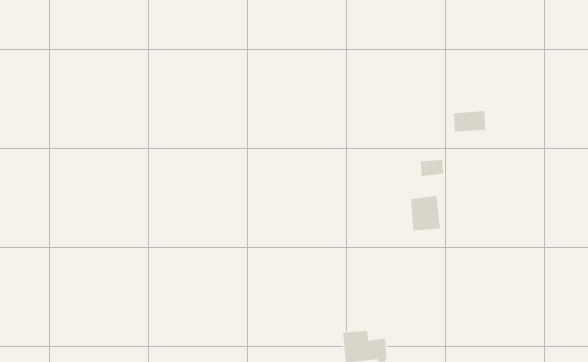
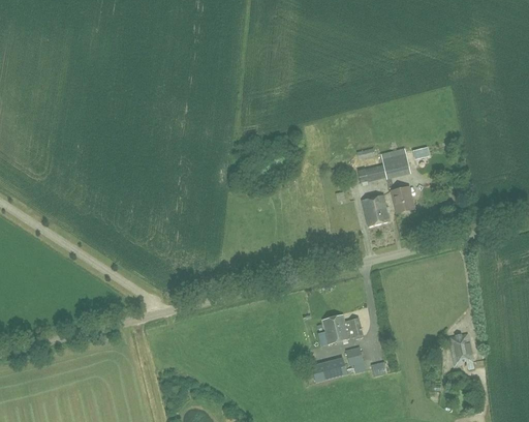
building: [453,111,486,132] -> [383,154,412,176]
building: none -> [391,186,412,212]

